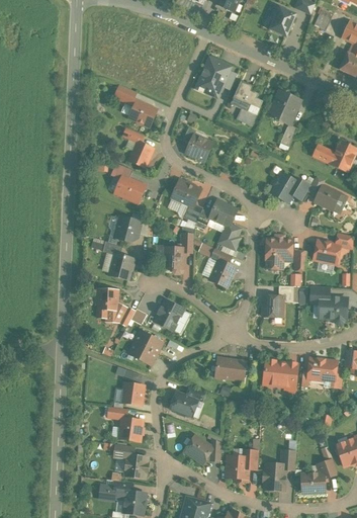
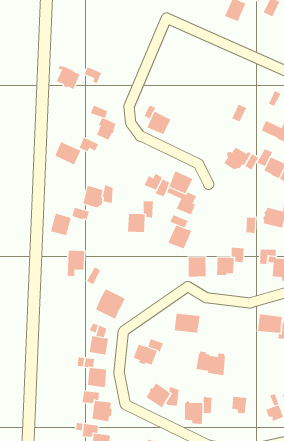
building: [194,58,231,99] -> none
building: [230,81,262,126] -> none
building: [269,91,299,124] -> none
building: [128,100,156,127] -> [56,65,80,90]
building: [115,176,145,202] -> [55,141,81,165]
building: [171,180,200,208] -> none
building: [265,239,292,269] -> none
building: [109,254,132,279] -> [50,213,71,236]
building: none -> [188,257,206,277]
building: [154,300,182,331] -> none
building: [263,360,296,387] -> [196,351,226,376]
building: [263,463,285,491] -> none
building: [301,473,324,493] -> none

